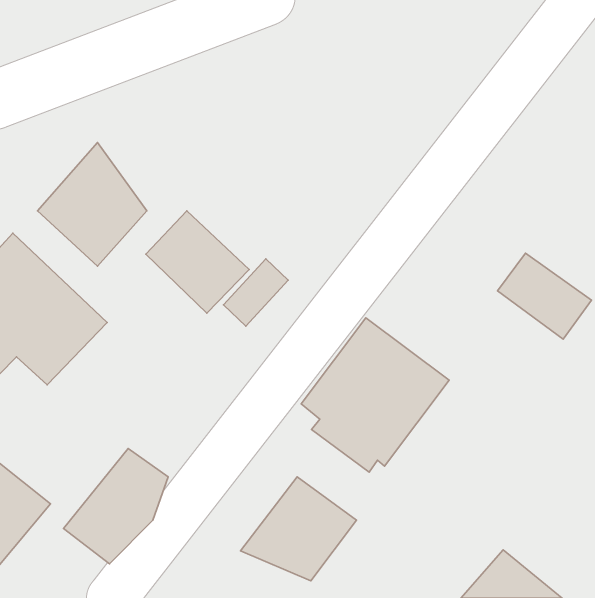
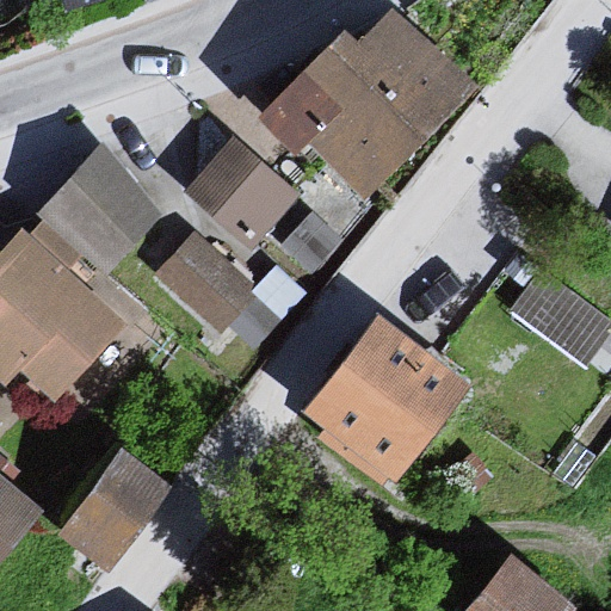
building: none -> [255,11,480,204]
building: none -> [180,141,289,255]
building: [241,477,357,581] -> none

